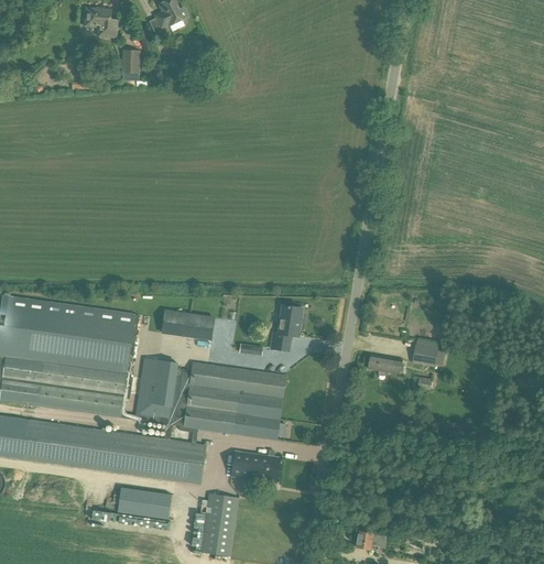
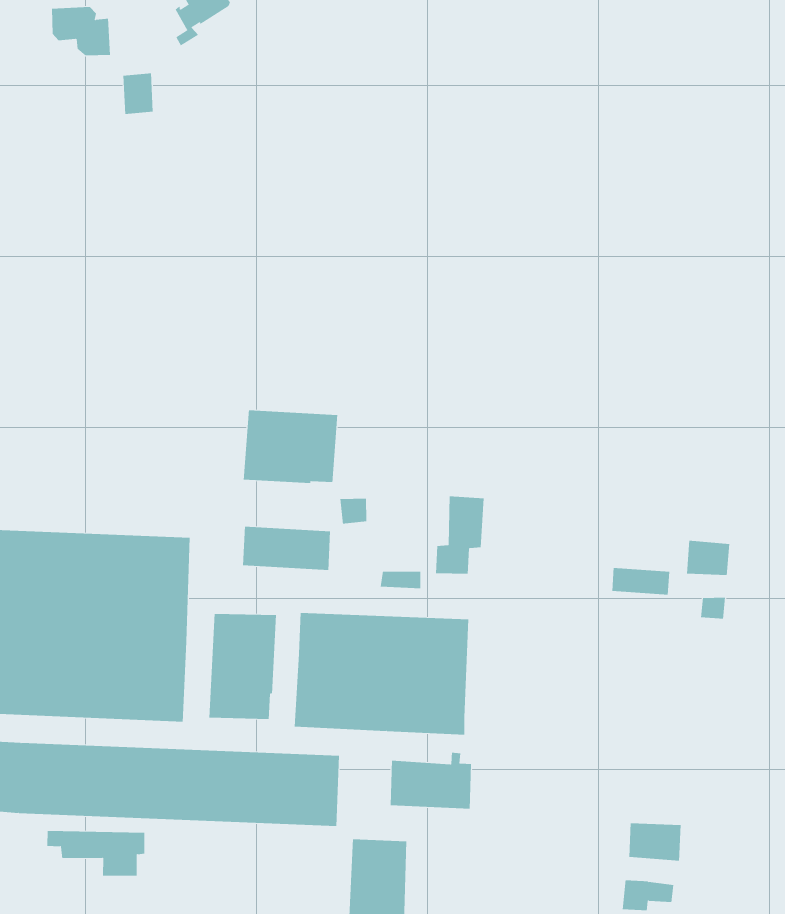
building: none -> [243,410,338,484]
building: [118,484,174,514] -> [46,830,145,876]
building: none -> [629,822,681,862]

